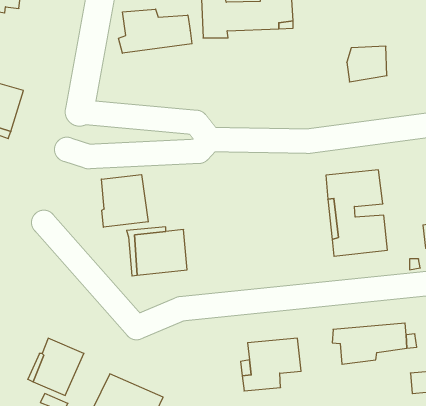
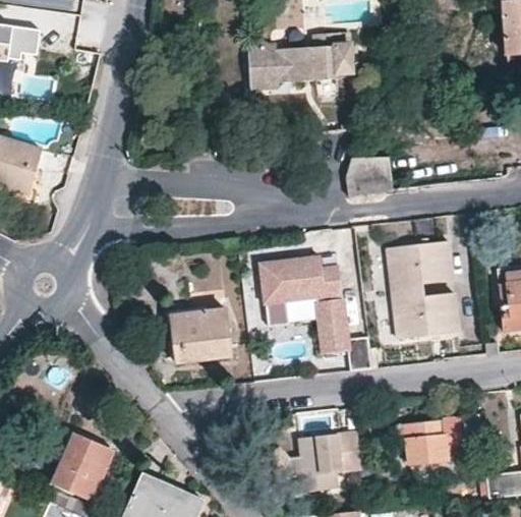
building: [118,9,192,53] -> none
building: [347,46,387,82] -> [346,156,392,196]
building: [101,175,148,227] -> none
building: none -> [259,261,370,365]

